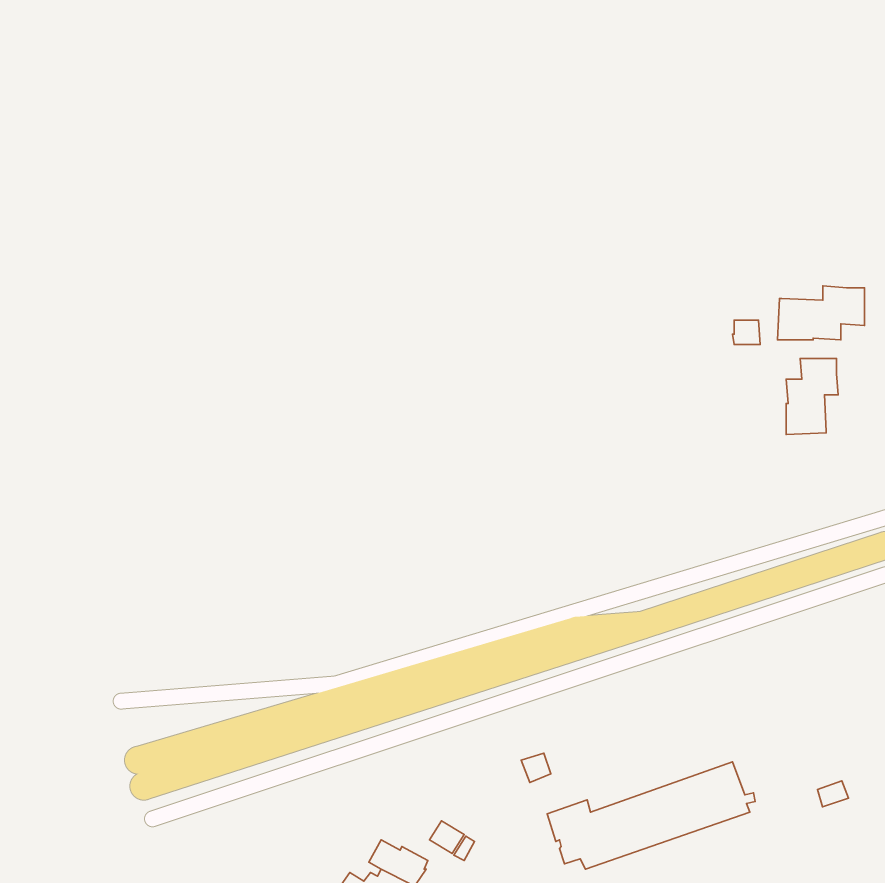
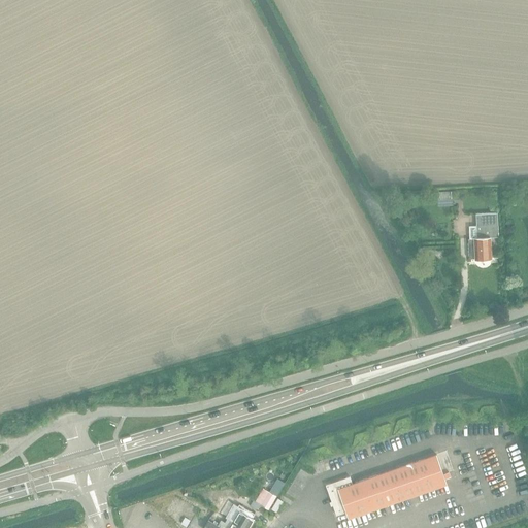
building: [777,286,865,340] -> none

